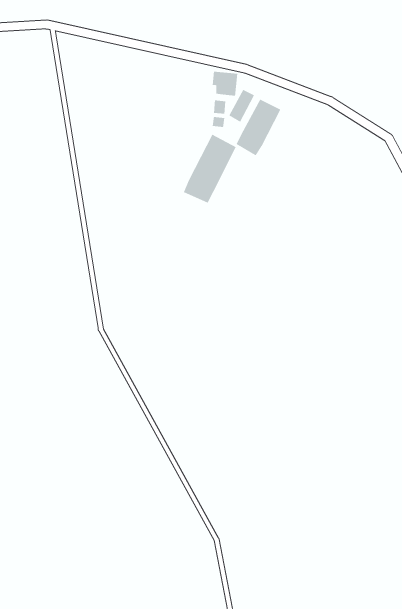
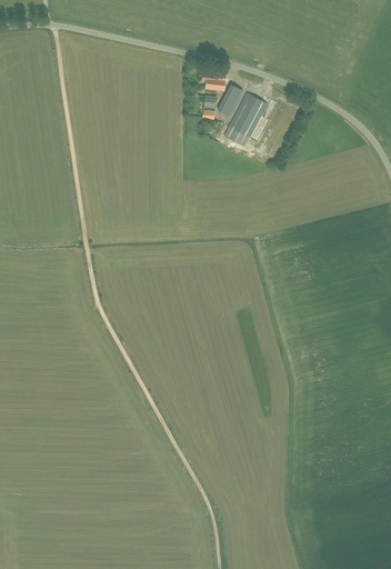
building: [183,134,236,203] -> none

